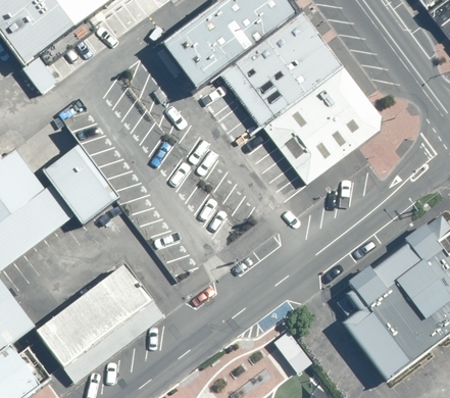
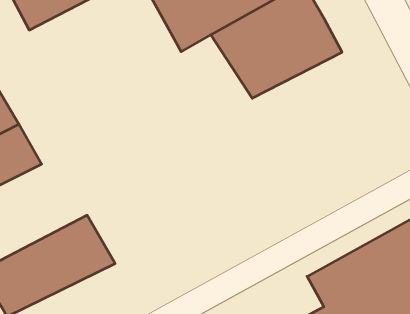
building: [258,66,382,184] -> none
building: [37,145,109,217] -> none

